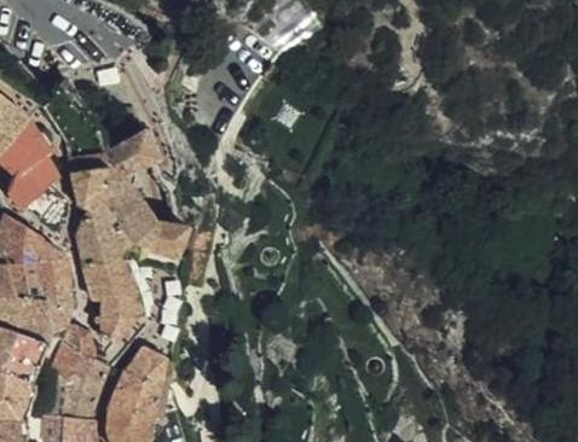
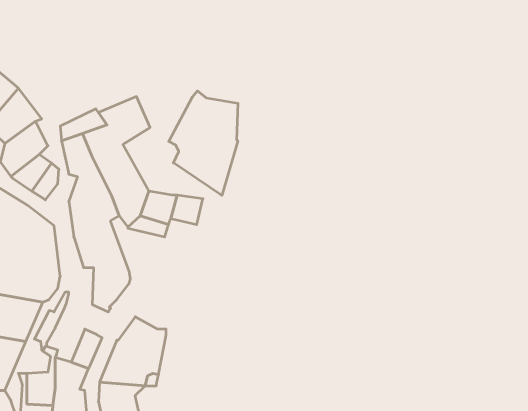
building: none -> [169,91,238,195]
building: [54,320,93,389] -> none

